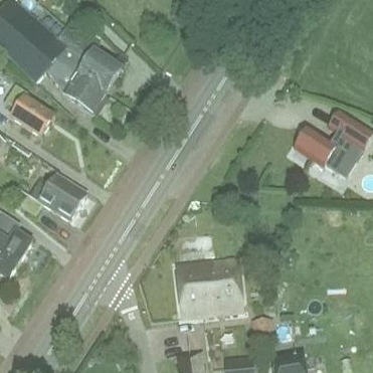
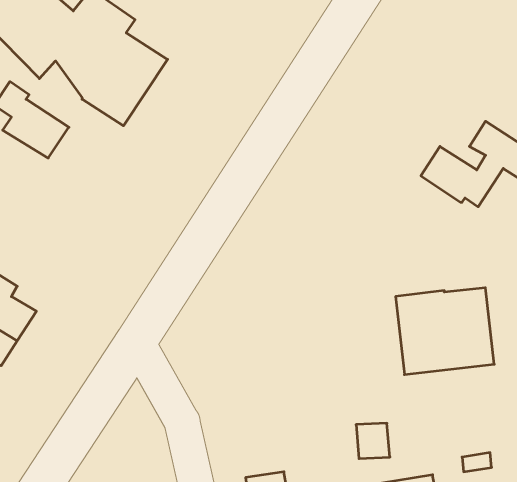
building: [30,172,86,219] -> none
building: [176,256,243,316] -> [396,288,494,375]

